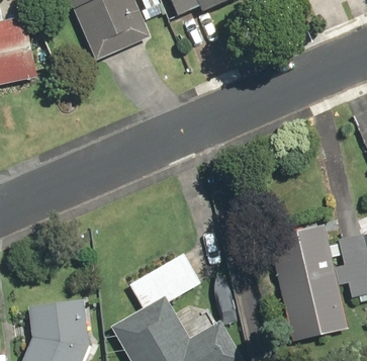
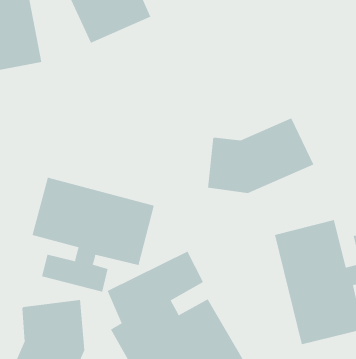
building: none -> [207,118,314,194]
building: none -> [32,177,154,293]

